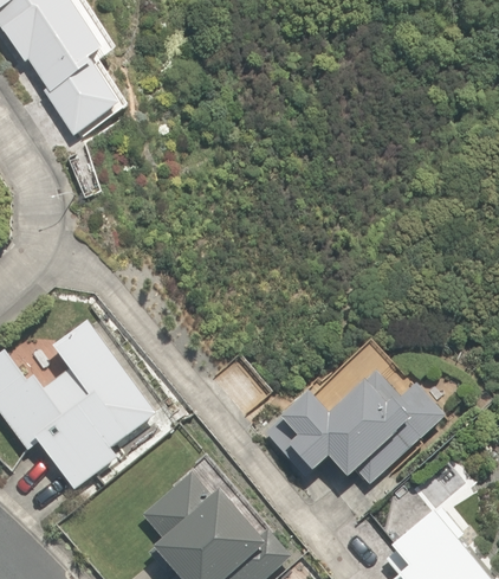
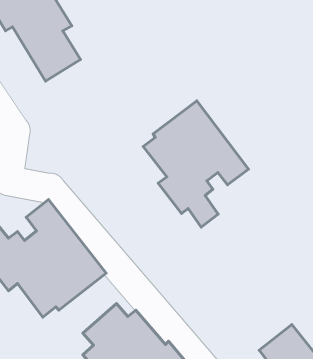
building: none -> [143,101,248,227]
building: [260,372,451,489] -> none

